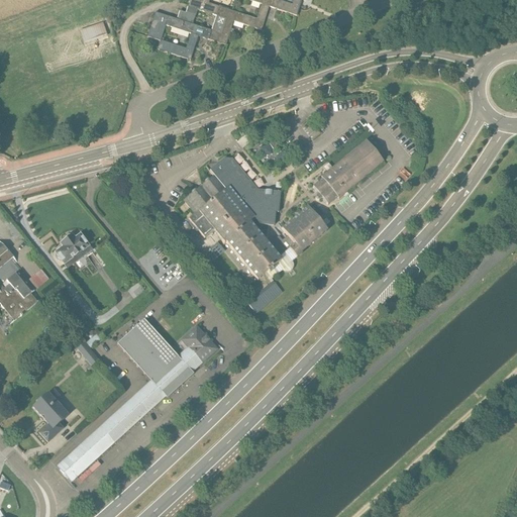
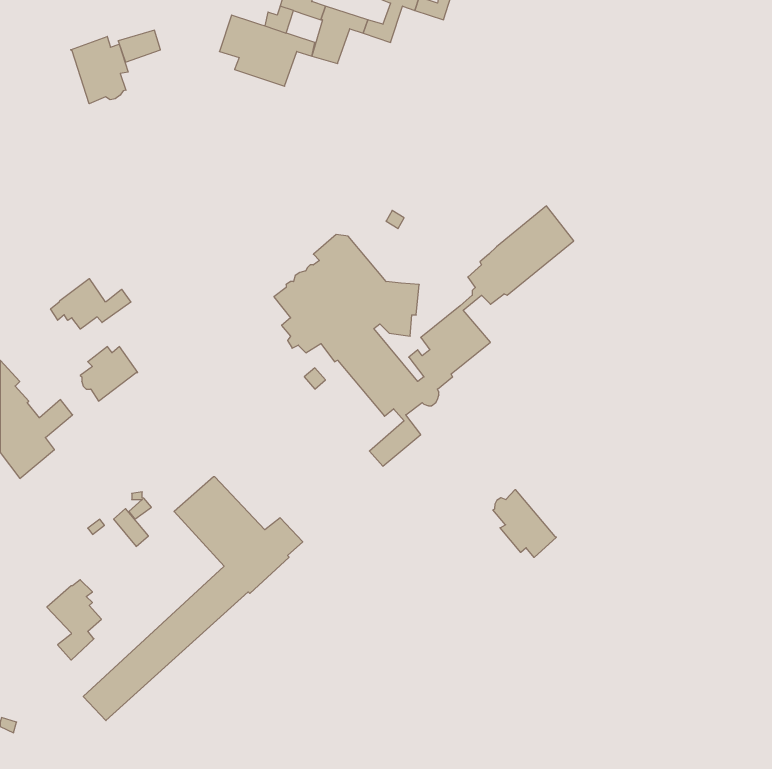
building: none -> [71,36,128,104]
building: none -> [51,279,131,329]
building: [181,323,219,361] -> none
building: none -> [493,490,556,557]

